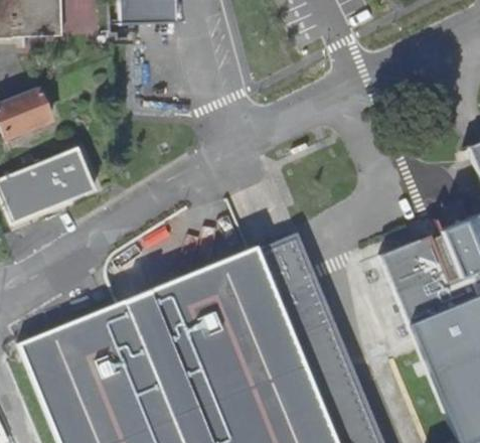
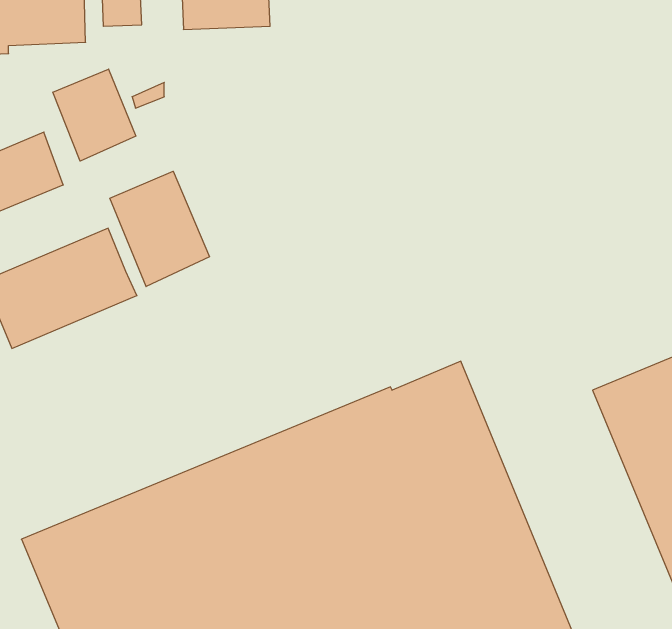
building: none -> [53,69,136,161]
building: none -> [110,171,209,287]

